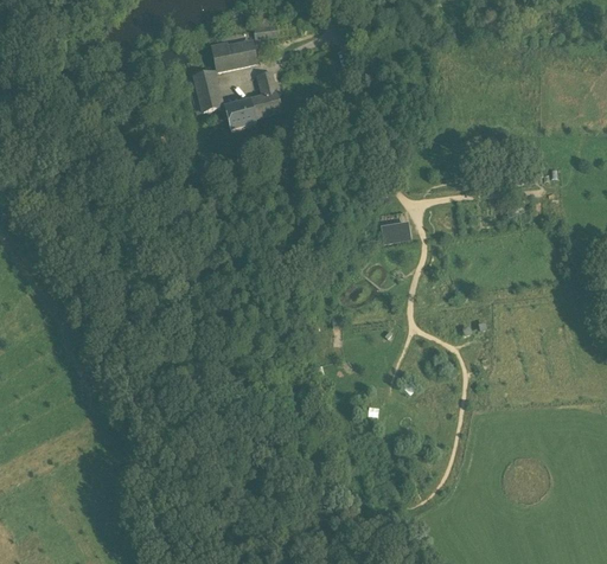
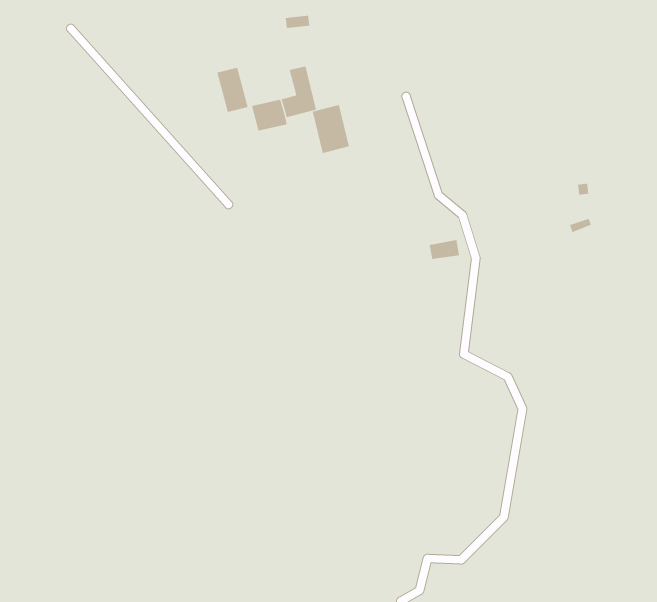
building: [212,40,256,69] -> none
building: none -> [312,104,349,154]

